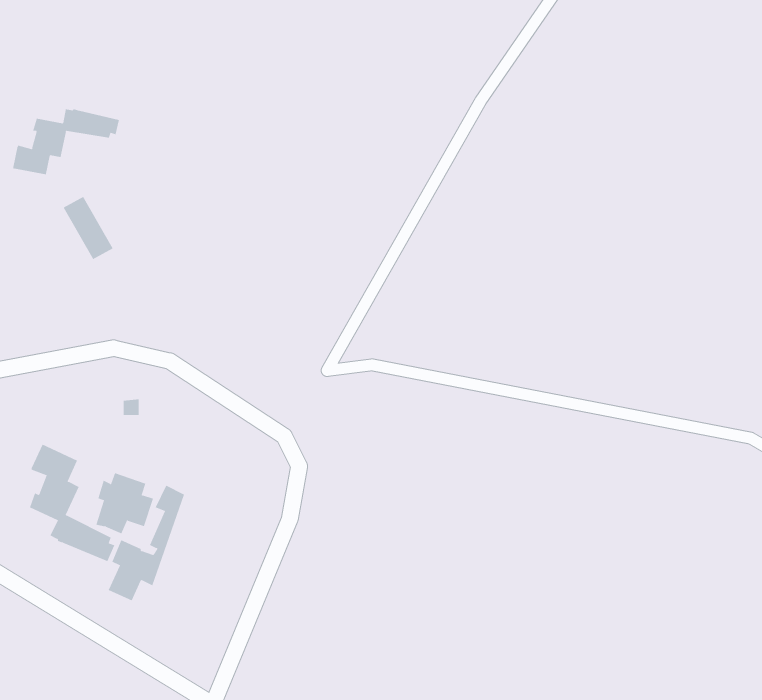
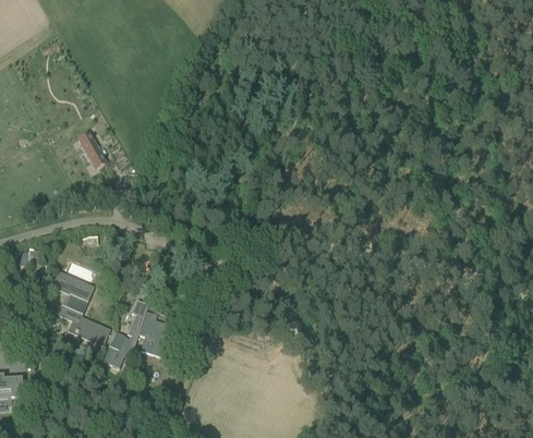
building: [13,108,119,175] -> none
building: [96,472,154,534] -> [141,318,174,354]

